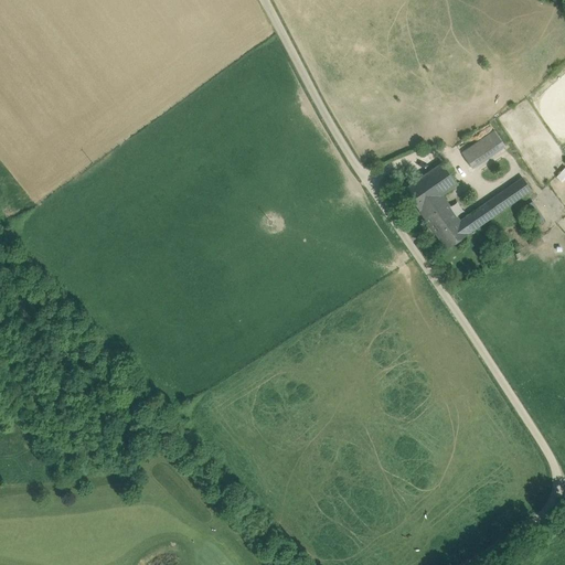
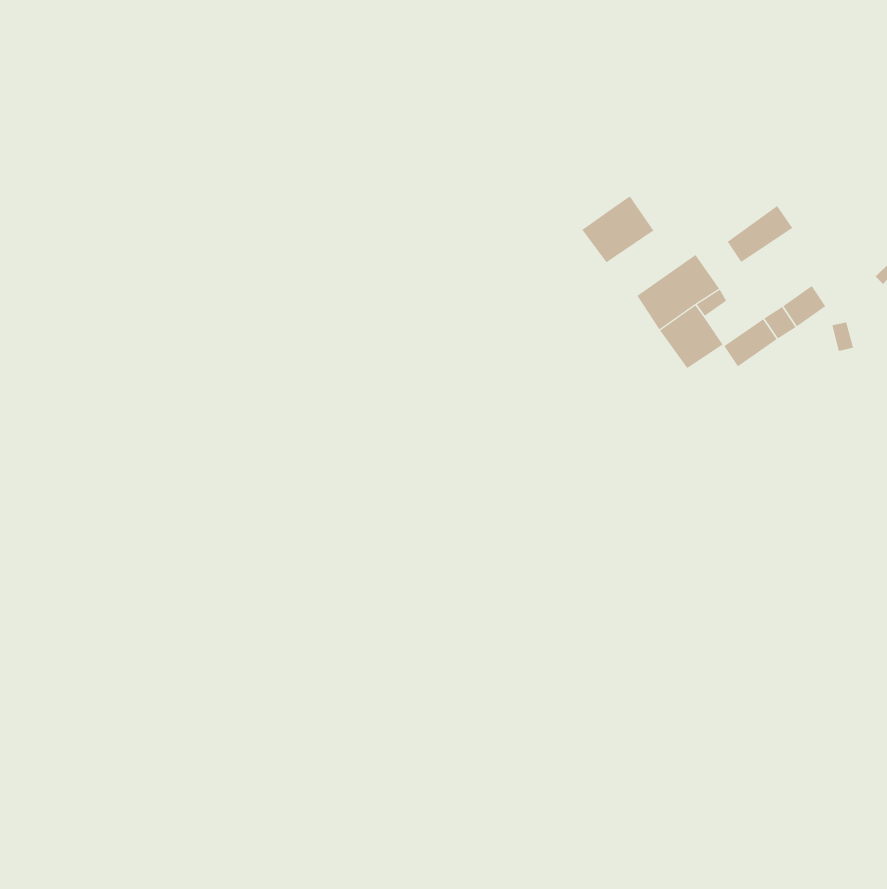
building: none -> [581,195,654,263]
building: [437,218,469,248] -> none

